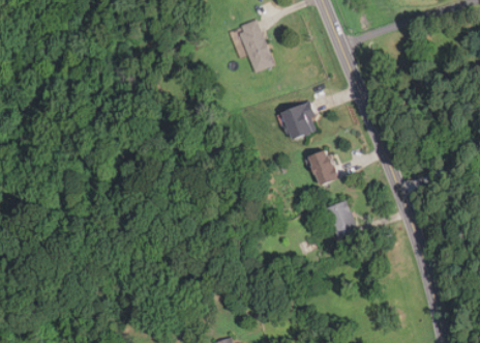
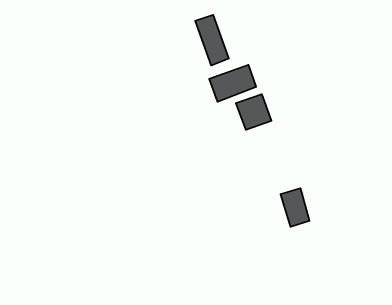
building: none -> [209,65,256,102]
building: [308,148,340,185] -> none

